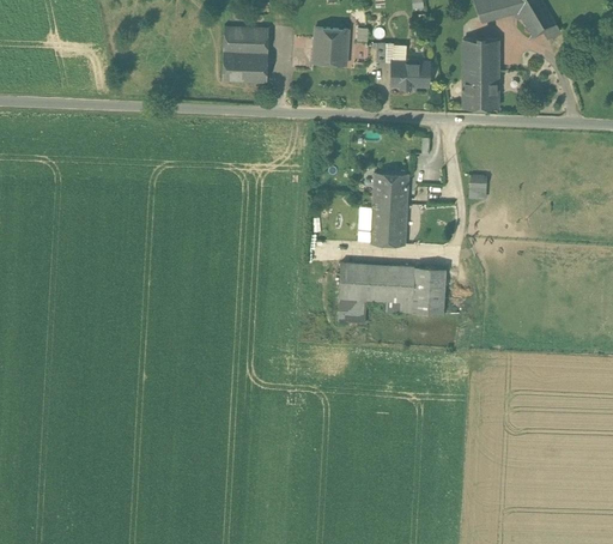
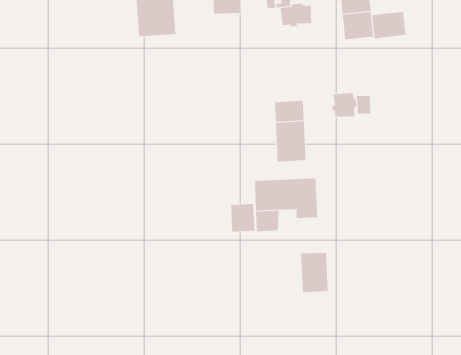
building: none -> [372,11,406,39]
building: none -> [332,92,357,118]
building: [412,266,445,314] -> [300,253,329,293]
building: none -> [230,203,255,233]

